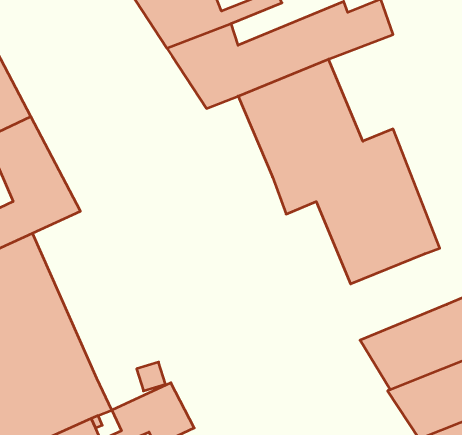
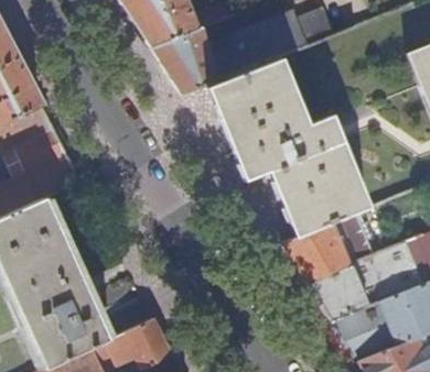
building: none -> [282,214,376,283]

